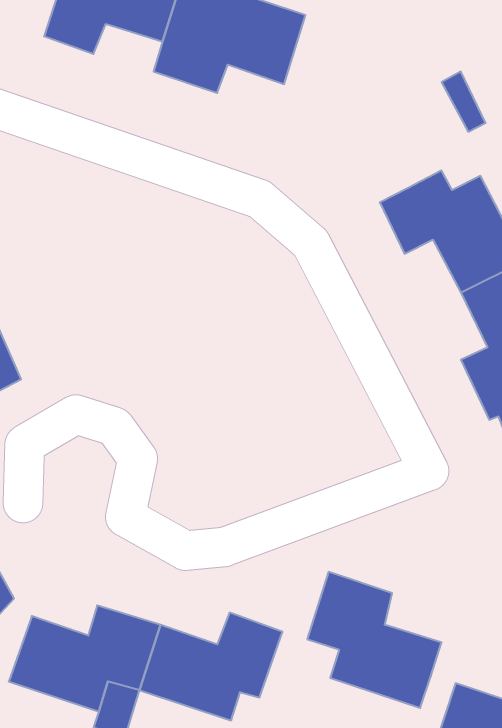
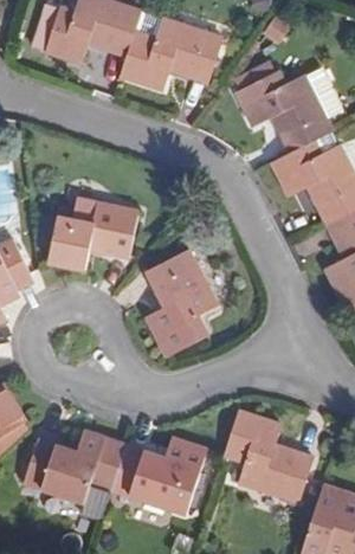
building: none -> [237,71,333,153]
building: none -> [47,198,137,270]
building: none -> [146,249,215,357]

